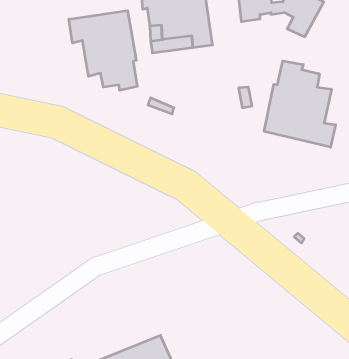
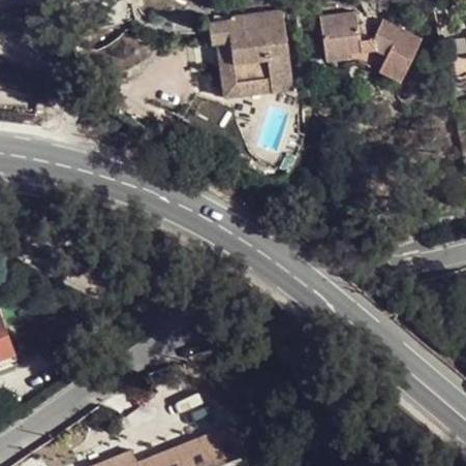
building: [69,11,137,90] -> none
building: [264,61,336,147] -> none

